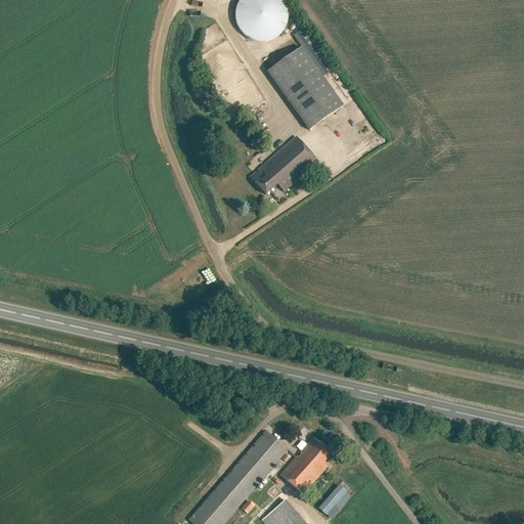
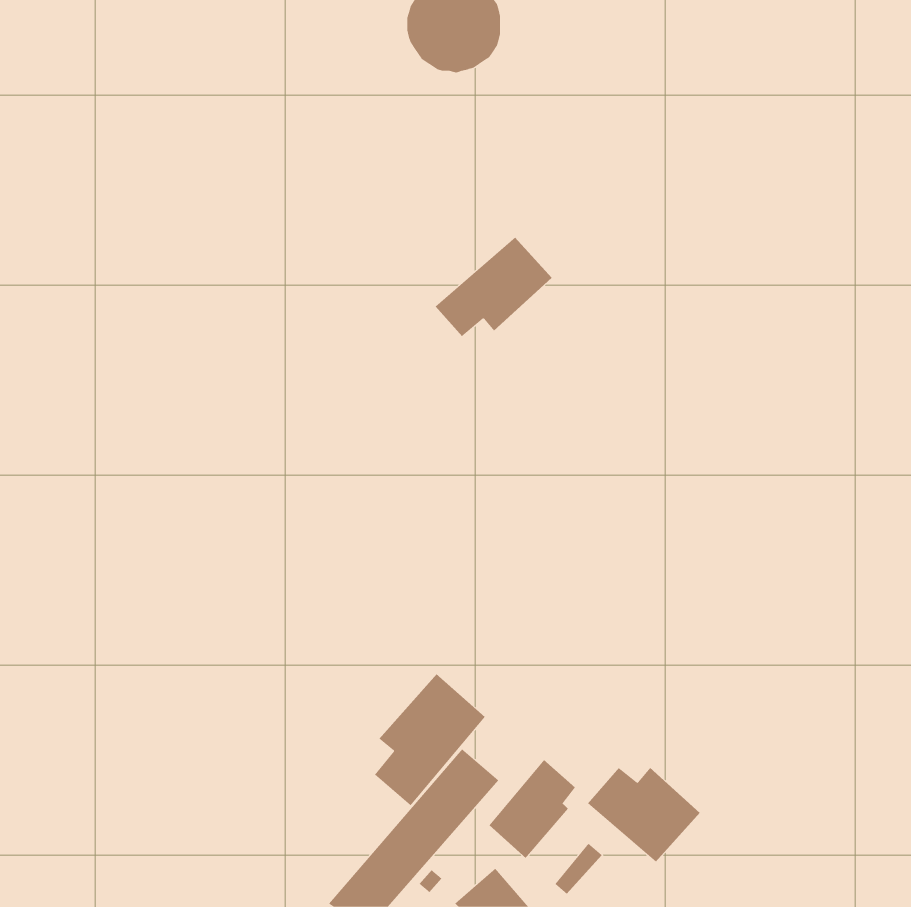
building: [267,46,343,129] -> none
building: none -> [374,673,486,806]
building: none -> [587,767,700,862]

